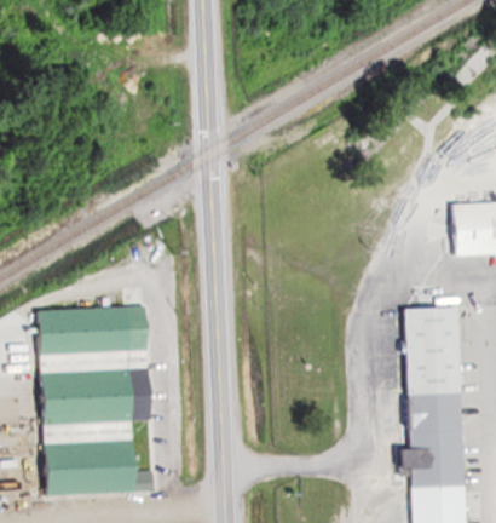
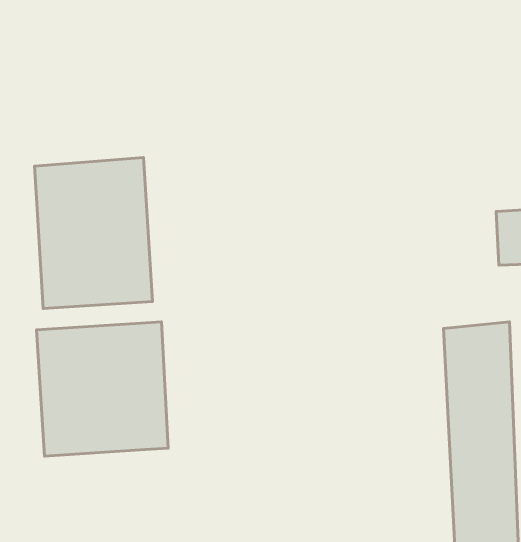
building: none -> [34,158,153,308]
building: [42,419,138,496] -> none

